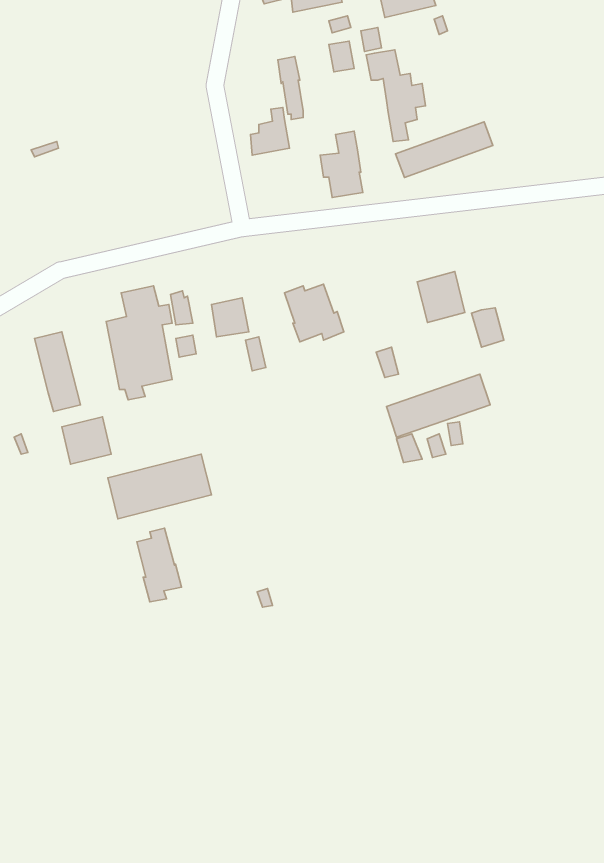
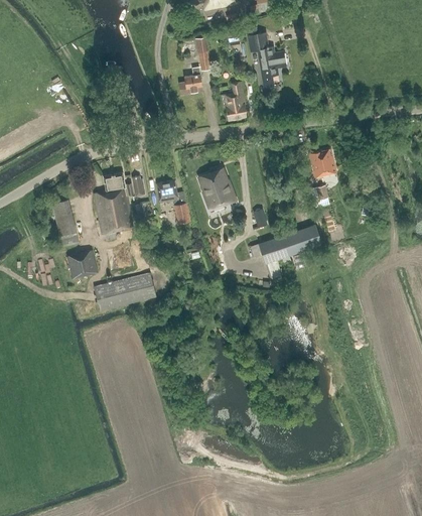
building: [396,122,493,177] -> none
building: [417,272,465,323] -> [308,148,336,178]
building: [137,528,181,602] -> none

